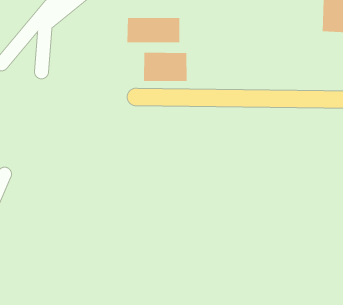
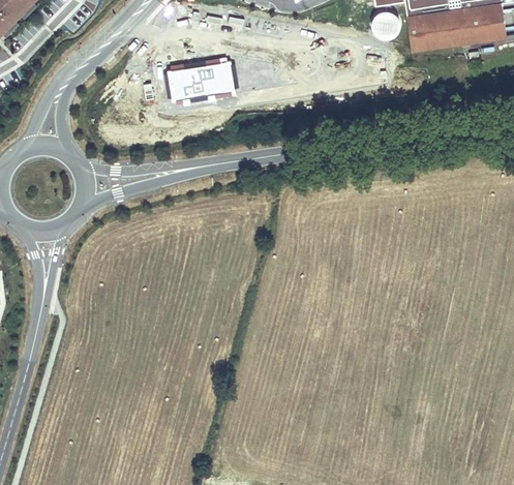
building: [143,52,188,82] -> none

